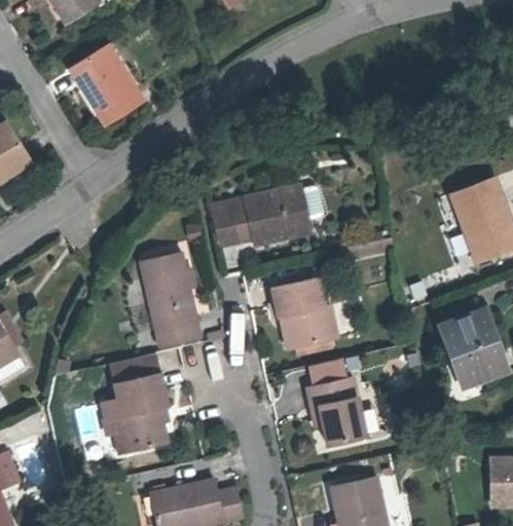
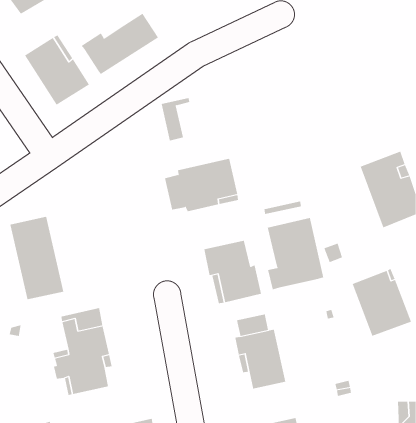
building: none -> [81,13,159,75]
building: [210,197,243,247] -> [161,98,190,141]
building: none -> [267,217,324,290]
building: [139,252,200,346] -> [10,216,64,300]

